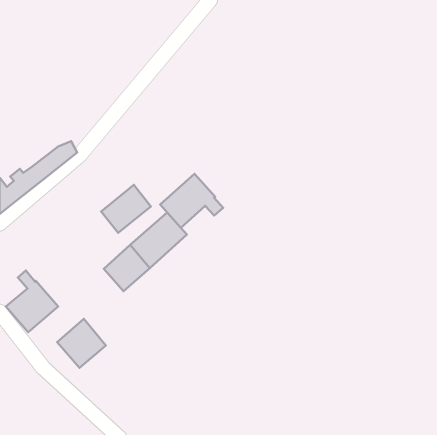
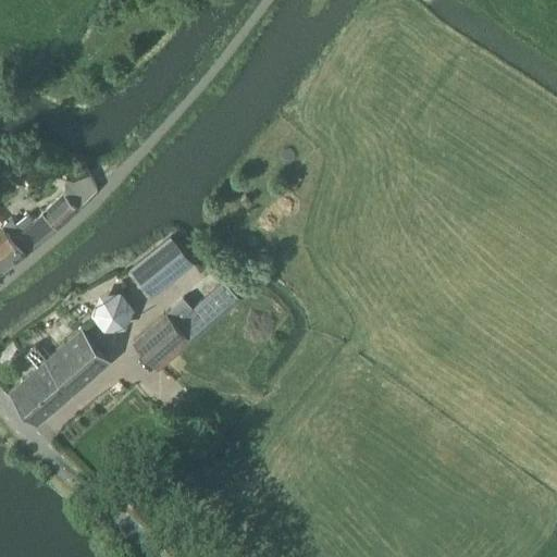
building: [160,174,223,228] -> none
building: none -> [89,294,134,335]
building: [57,319,106,368] -> [46,331,108,393]

